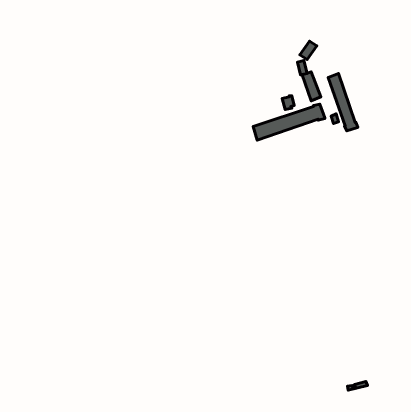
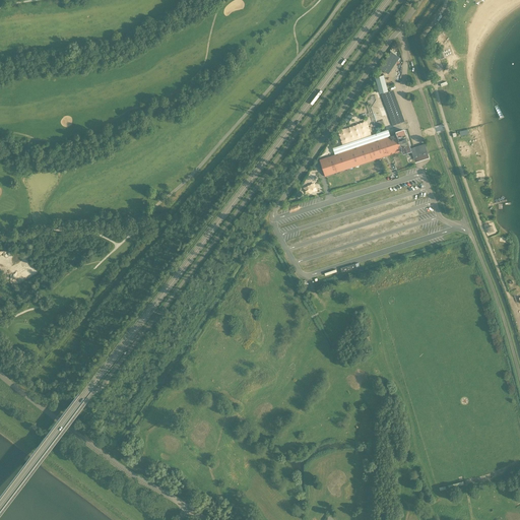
building: [328,74,358,131] -> none

